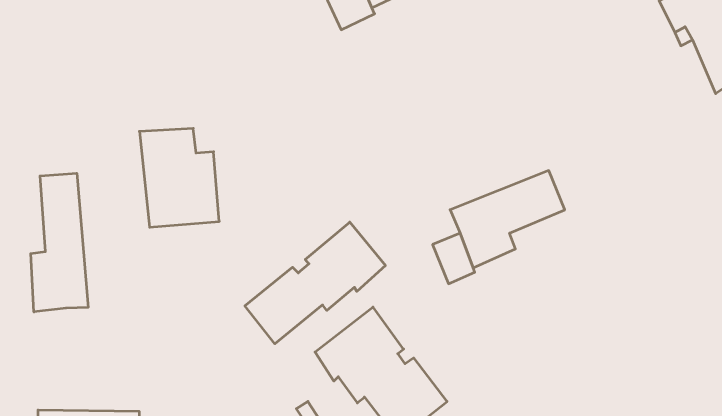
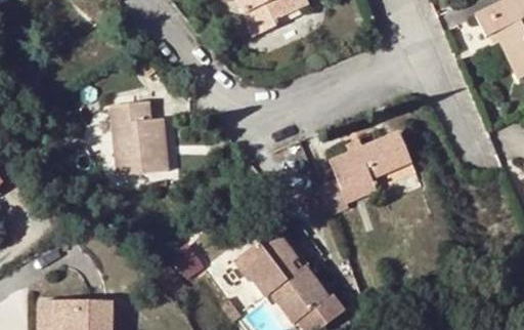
building: [31,173,88,312] -> none
building: [245,222,385,344] -> none

